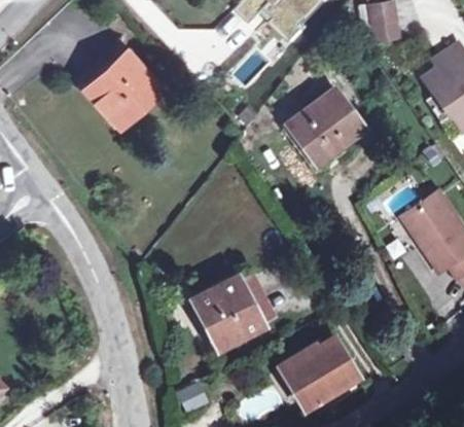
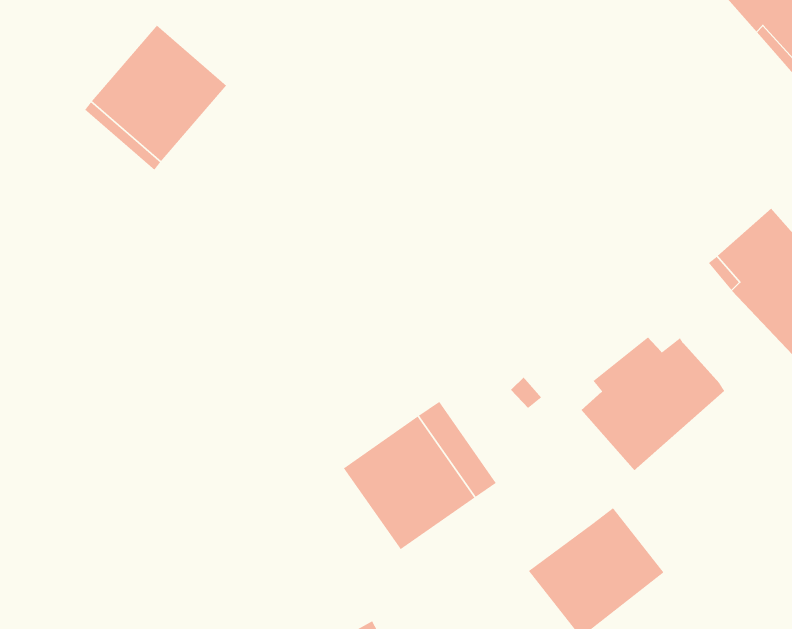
building: [287,88,363,162] -> none
building: none -> [580,336,725,471]

